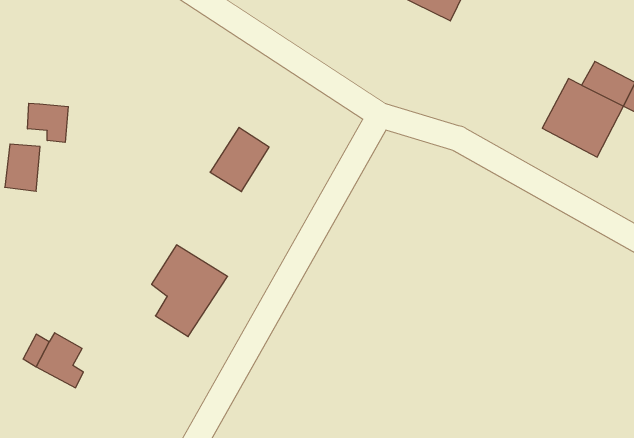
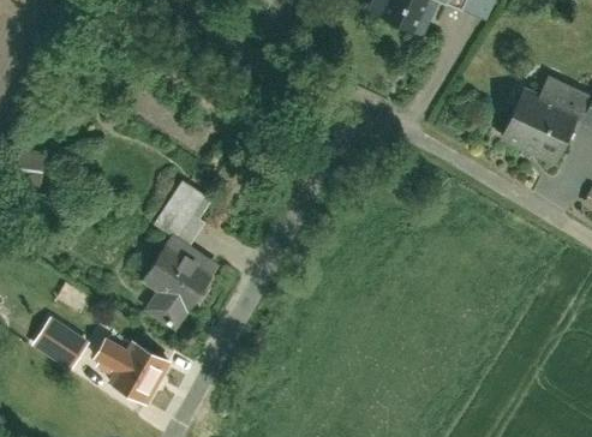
building: [28,103,68,142] -> none
building: [210,127,269,192] -> [156,184,210,243]
building: none -> [103,334,169,405]

